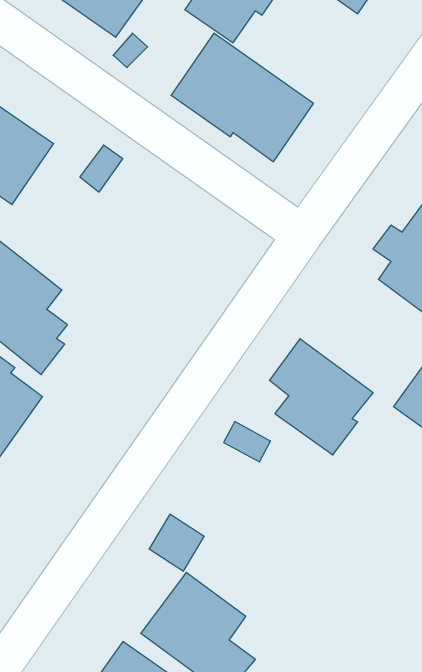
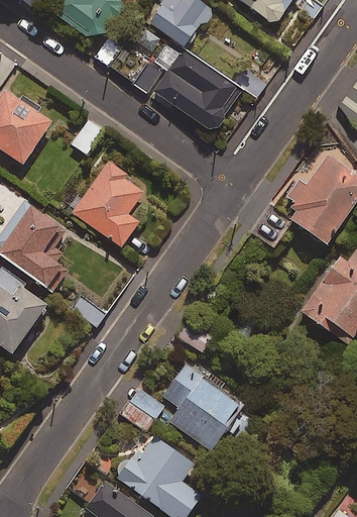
building: none -> [73,161,143,246]
building: [269,339,373,455] -> [162,365,238,449]

